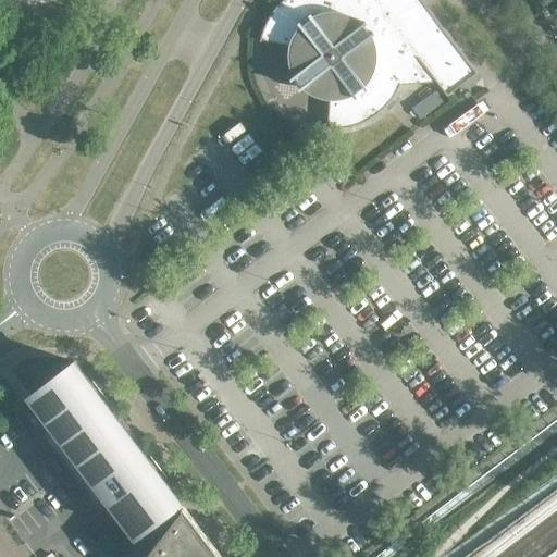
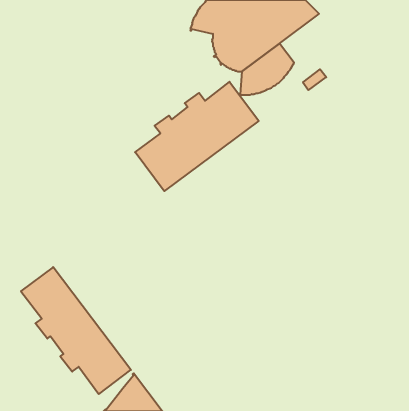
building: [379,18,475,96] -> none
building: none -> [135,82,259,191]

